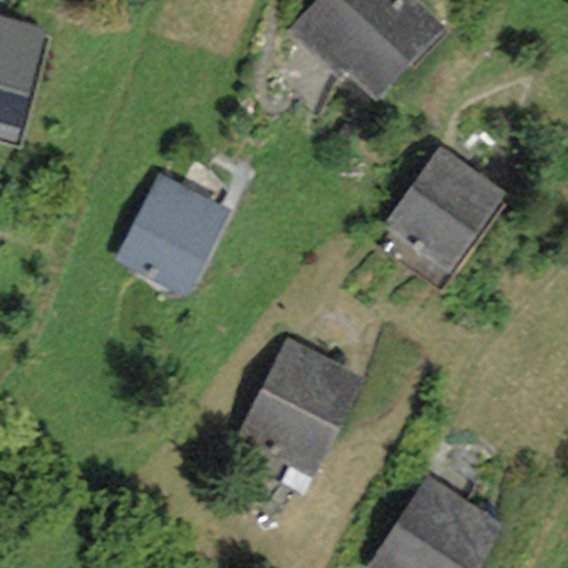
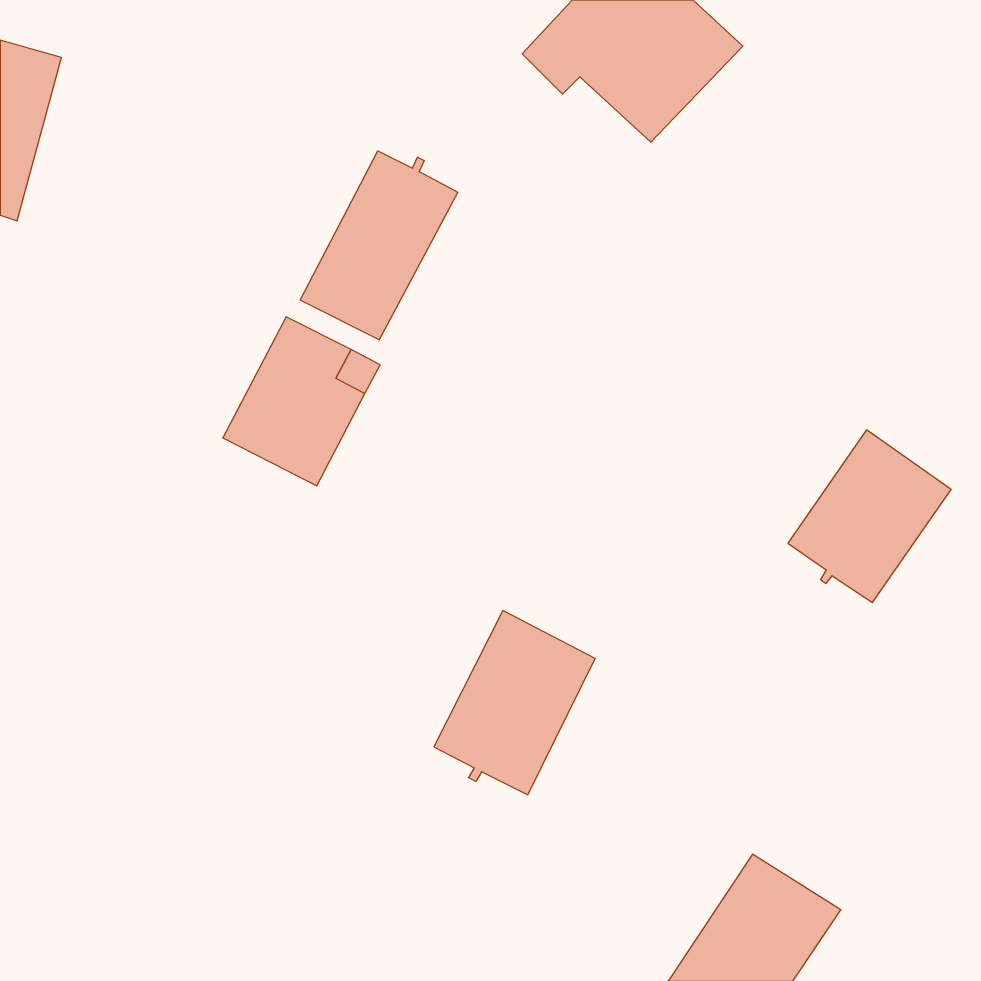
building: none -> [300,151,458,340]
building: [397,160,491,260] -> [788,430,951,603]

